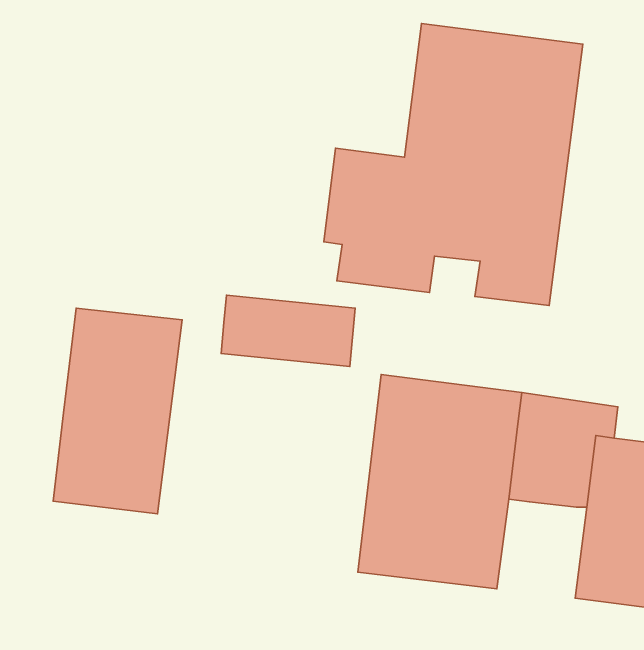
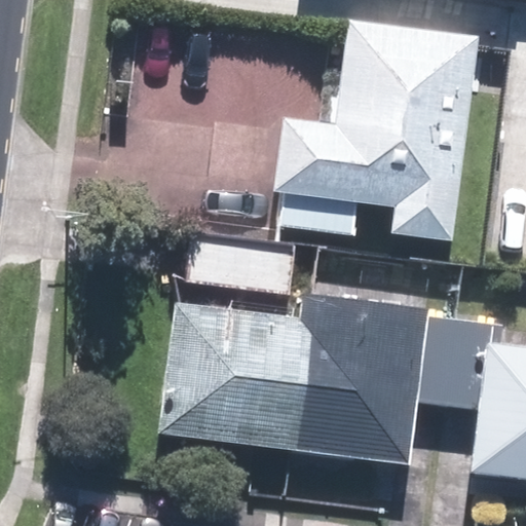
building: [53,308,182,514] -> none
building: none -> [157,294,317,452]

